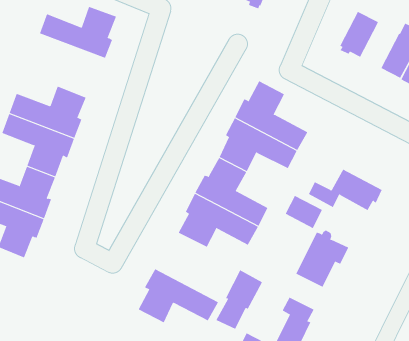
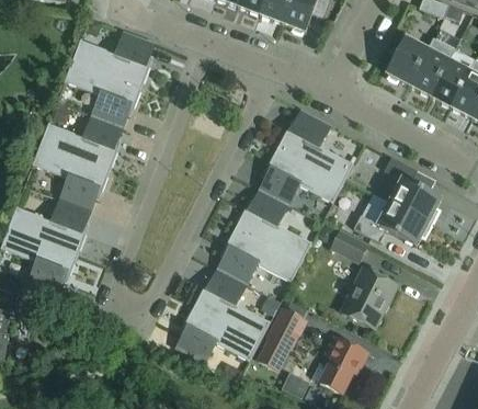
building: none -> [408,37,454,96]
building: none -> [65,60,141,127]
building: none -> [384,157,442,224]
building: none -> [193,269,270,341]

